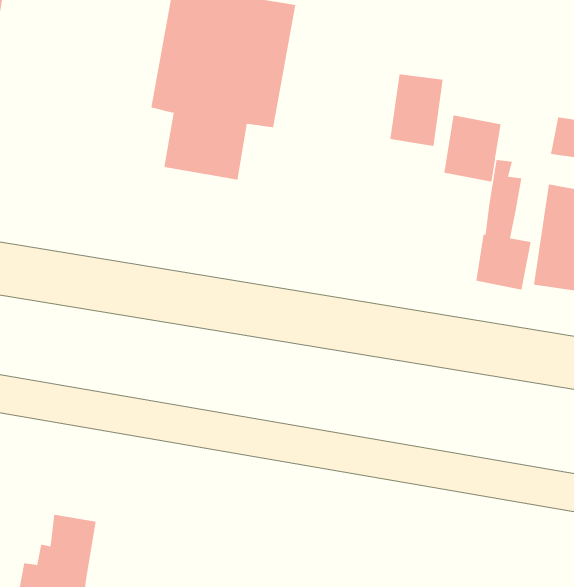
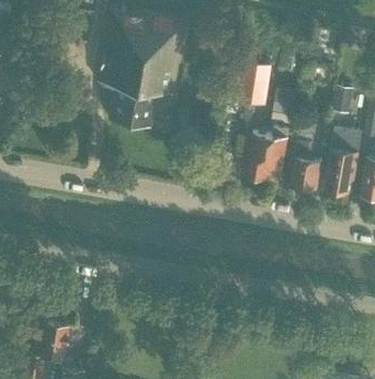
building: none -> [246,127,288,179]

